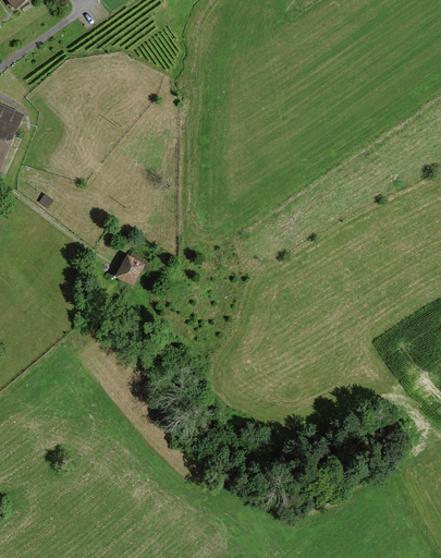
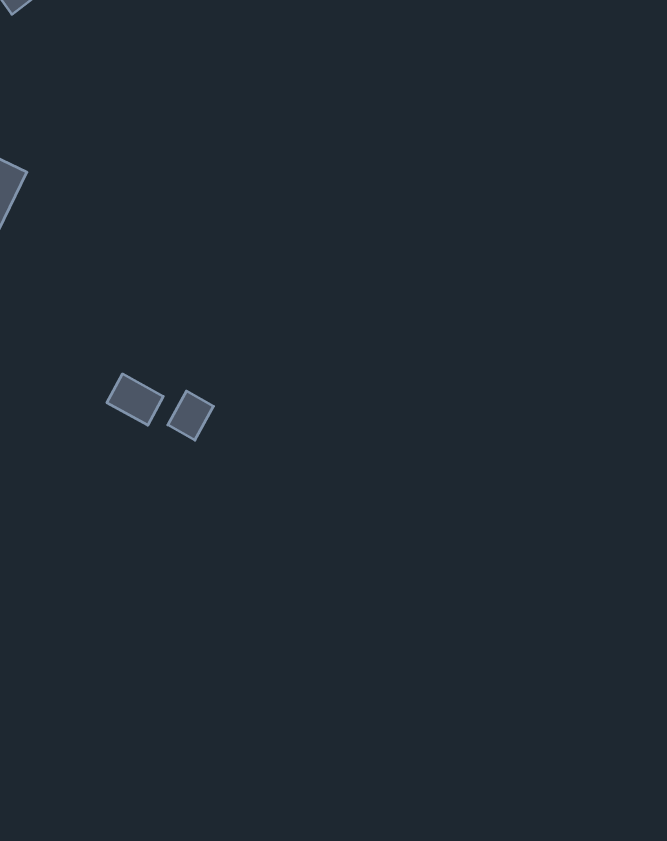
building: none -> [107,374,163,425]

